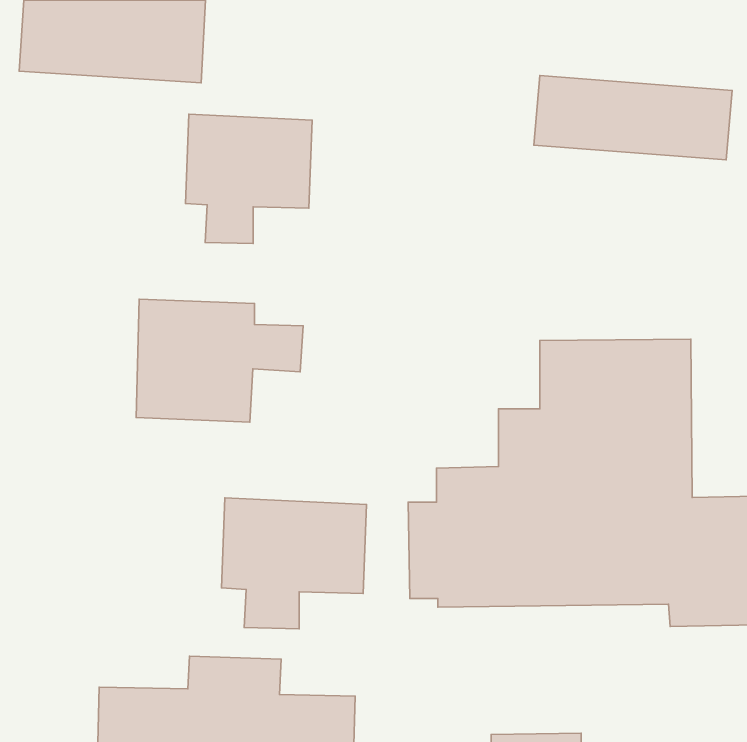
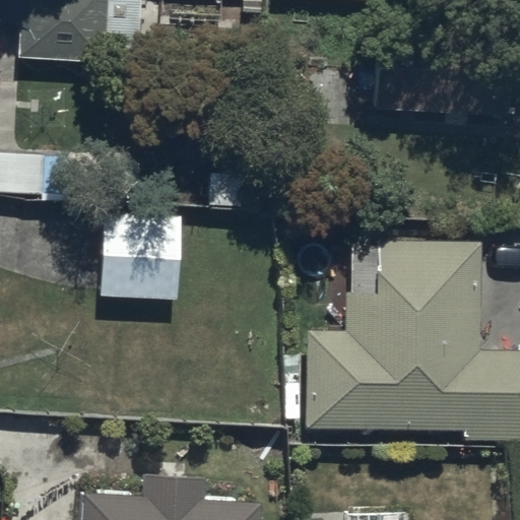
building: [186,114,312,243] -> none
building: [221,498,366,629] -> none

